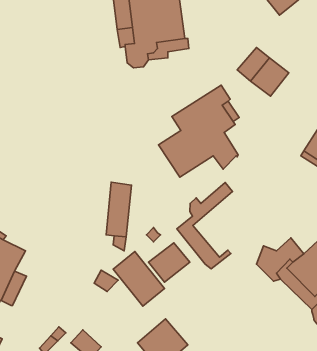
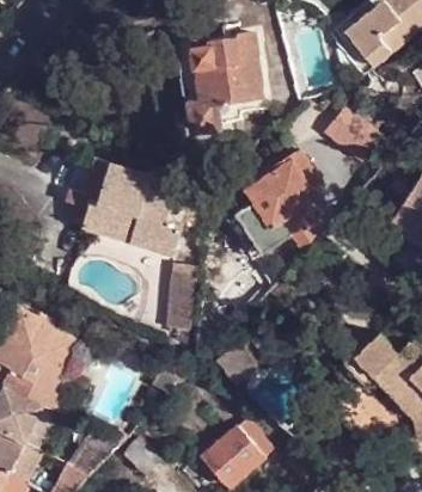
building: none -> [80,160,197,257]
building: [177,183,233,269] -> none
building: [113,251,165,306] -> none

